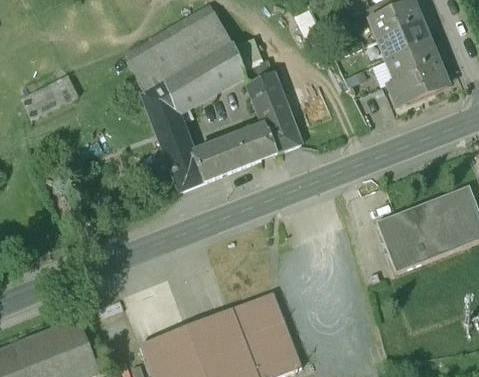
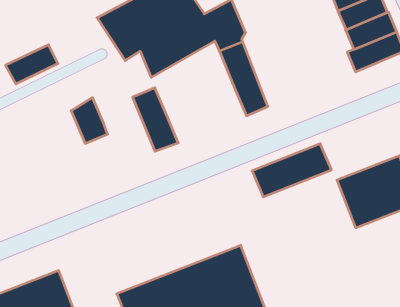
building: [142,84,181,133] -> [71,98,108,143]
building: [194,125,279,182] -> [252,144,331,197]

